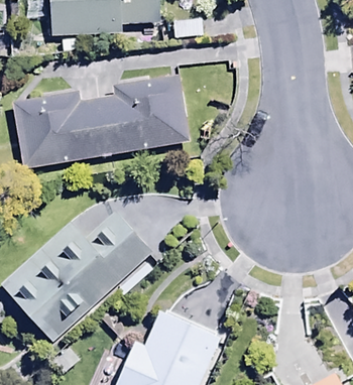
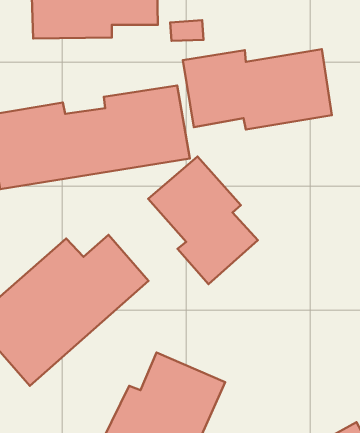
building: none -> [183,49,332,130]
building: none -> [148,156,258,284]

